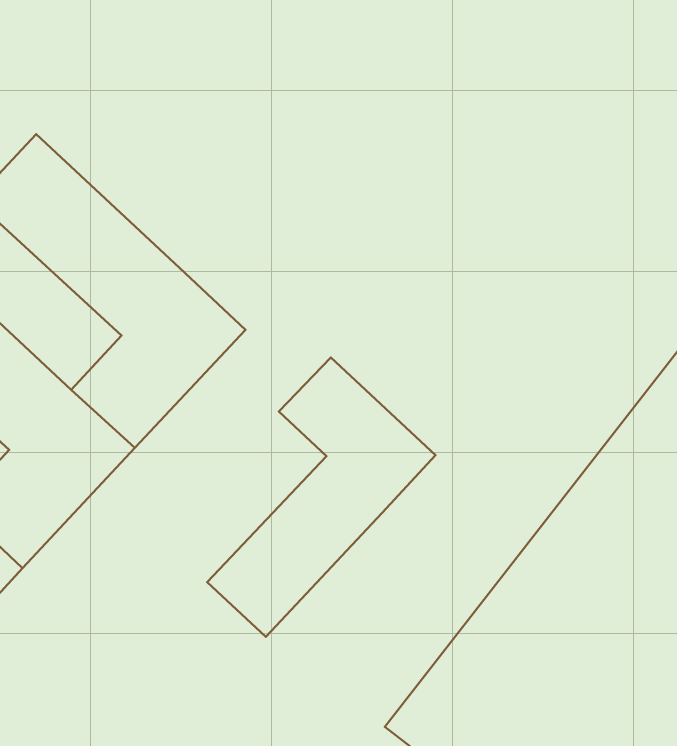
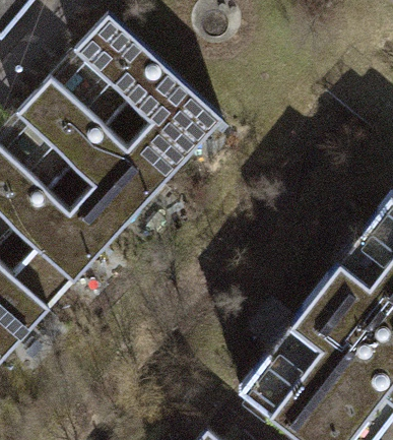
building: none -> [78,18,222,186]
building: [207,357,435,637] -> none

